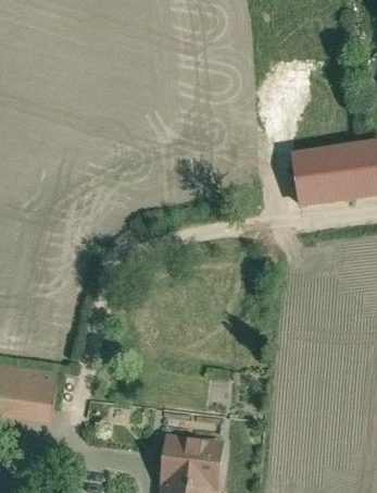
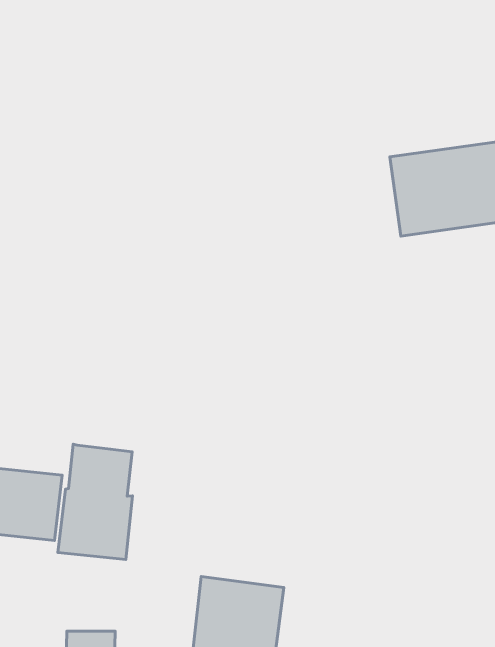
building: none -> [58,444,133,560]

